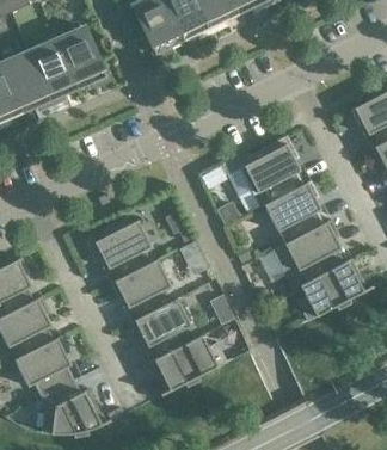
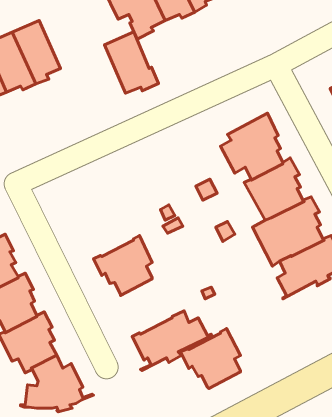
building: [55,26,110,88] -> [104,32,159,93]
building: [86,216,150,279] -> none
building: [129,297,190,358] -> [180,328,240,388]

